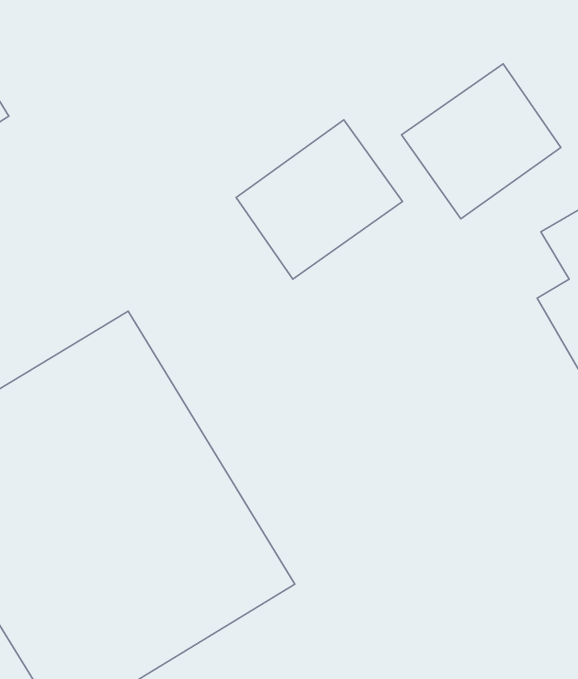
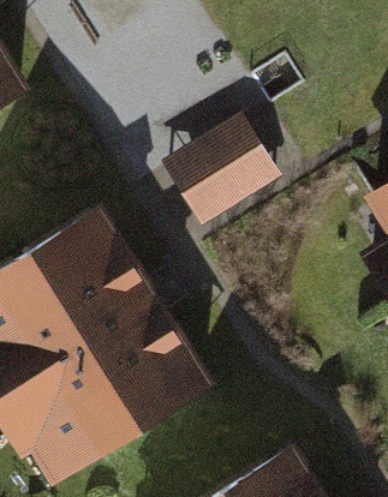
building: [401,64,561,219] -> none

